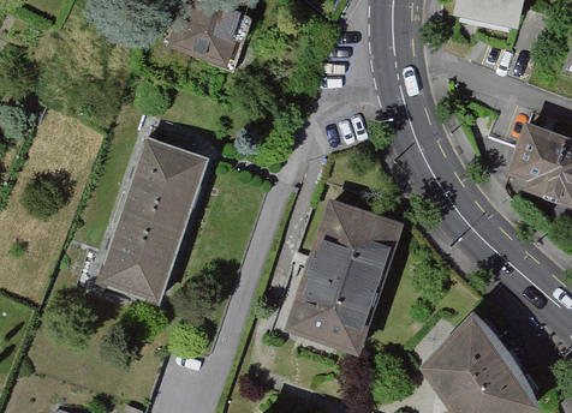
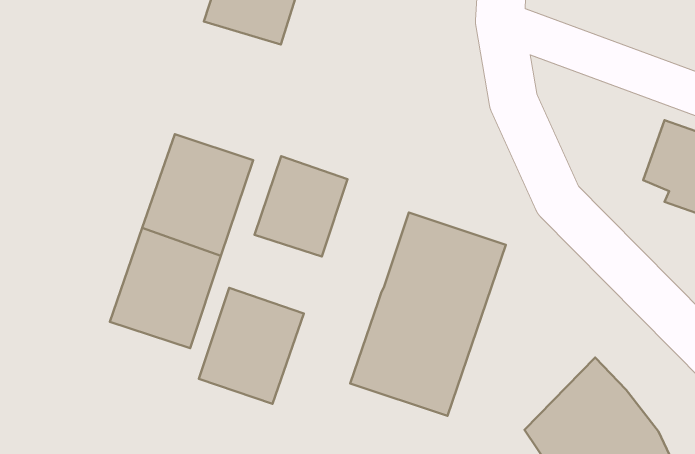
building: none -> [255,156,348,256]
building: none -> [199,288,304,404]

